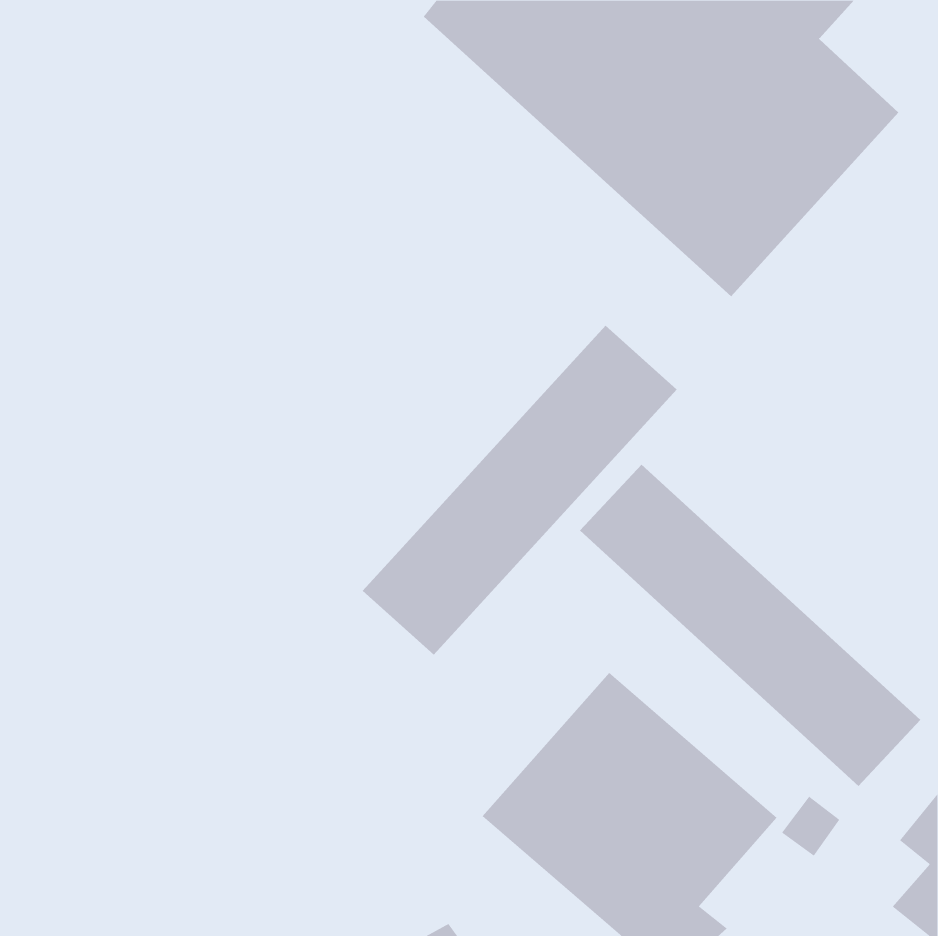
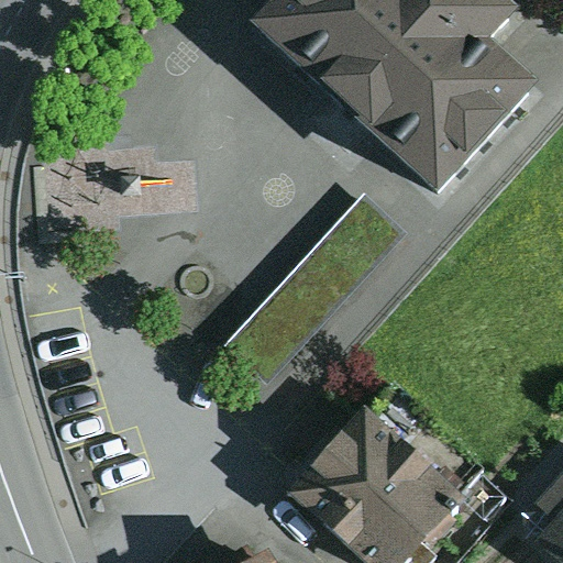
building: [579,464,921,787] -> none

